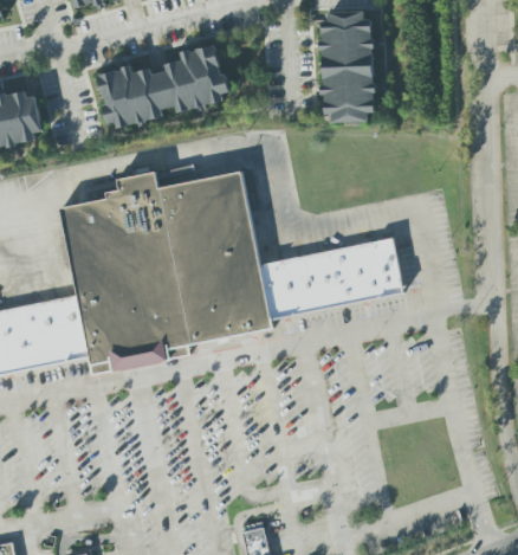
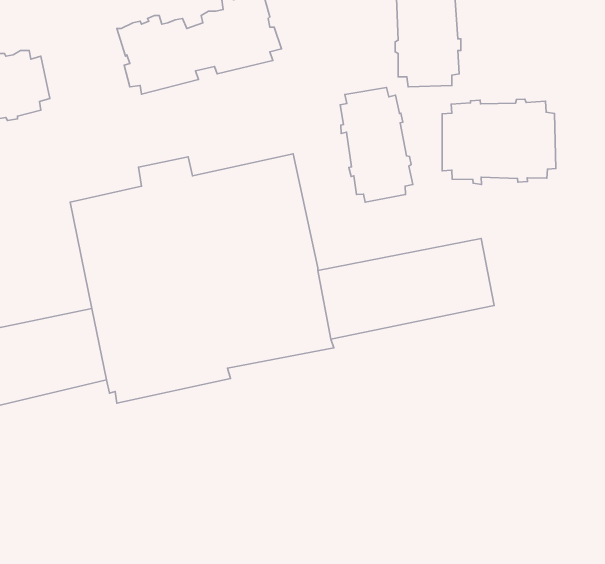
building: none -> [340,88,413,202]
building: none -> [442,99,556,185]

